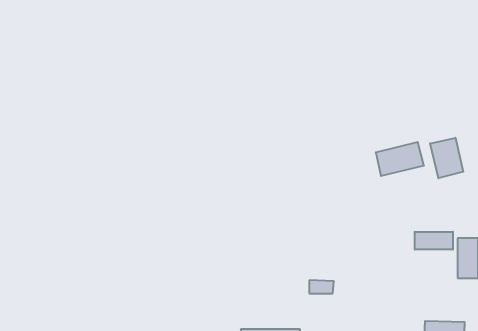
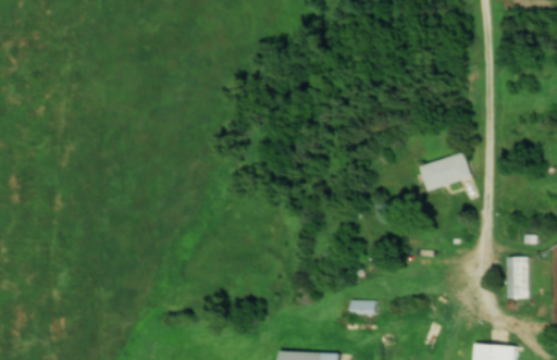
building: [430,138,463,178] -> none
building: [415,232,453,250] -> none

